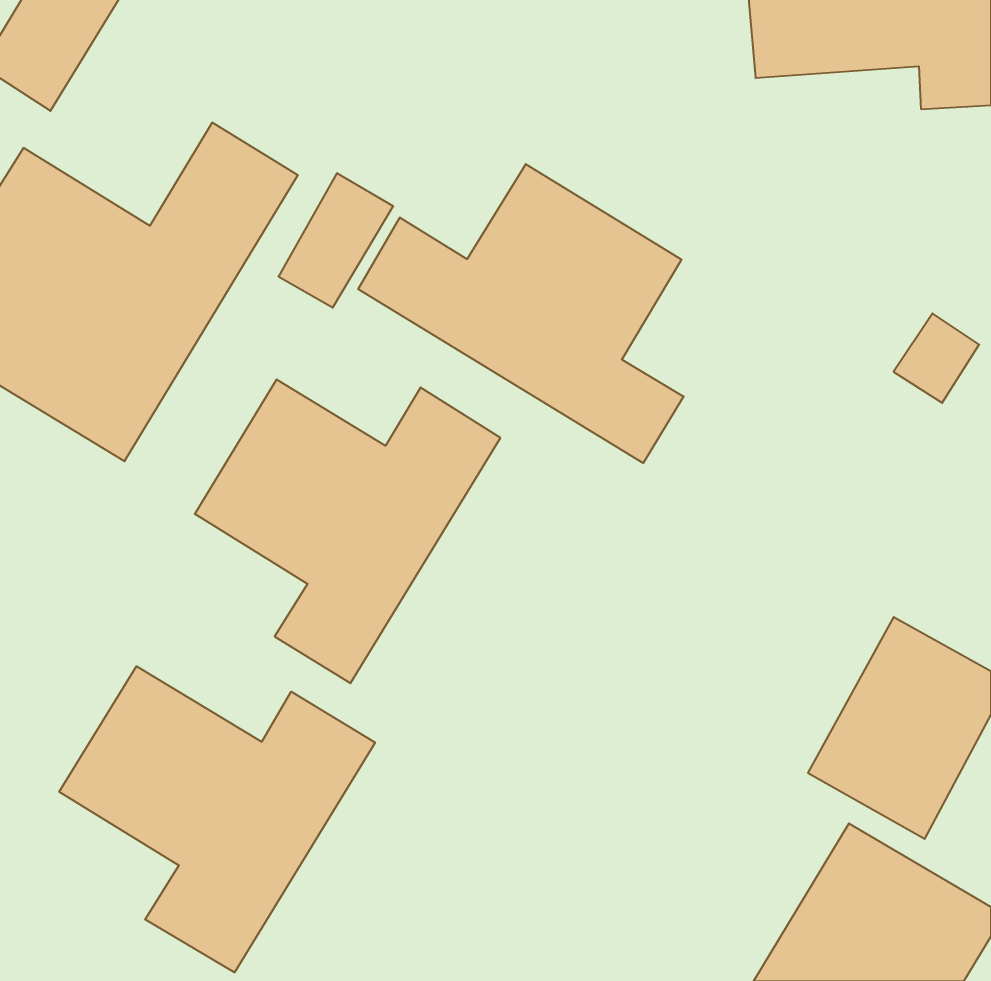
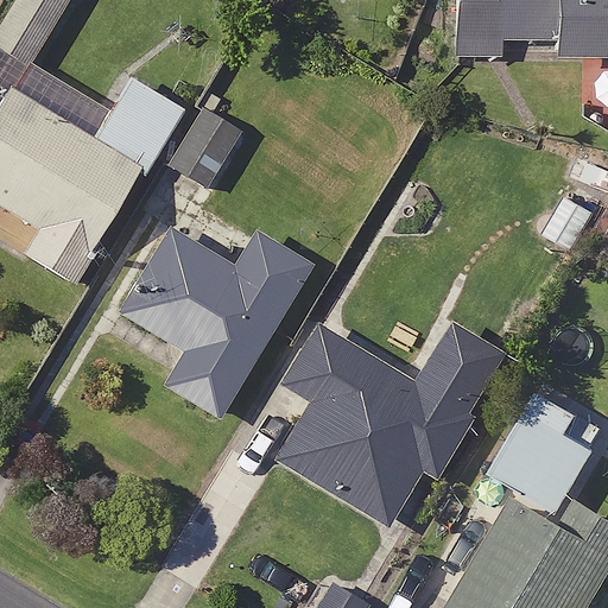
building: [358,164,684,463] -> none
building: none -> [270,319,507,525]
building: [59,666,375,972] -> none

